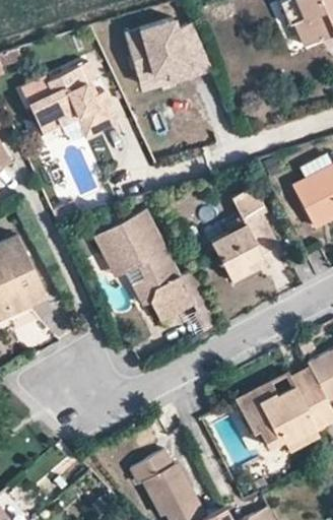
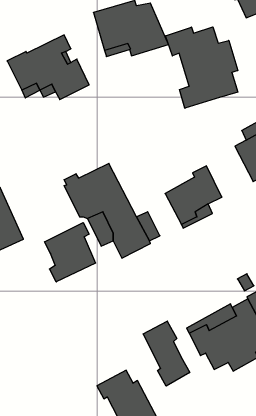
building: none -> [166,27,238,108]
building: none -> [45,223,96,282]
building: none -> [143,321,190,386]

